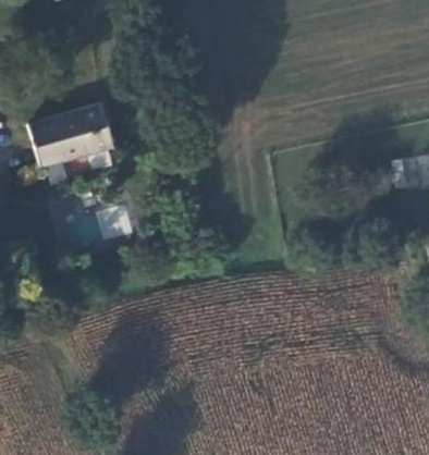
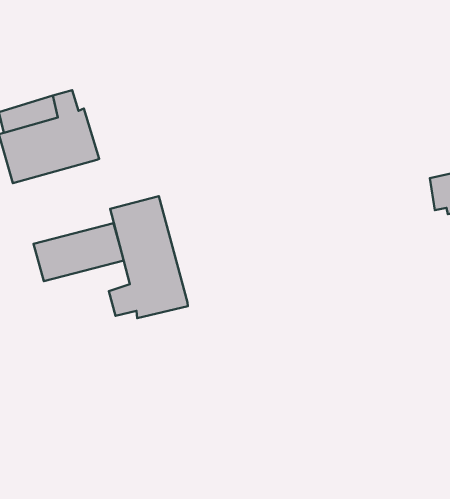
building: none -> [109,196,188,318]

